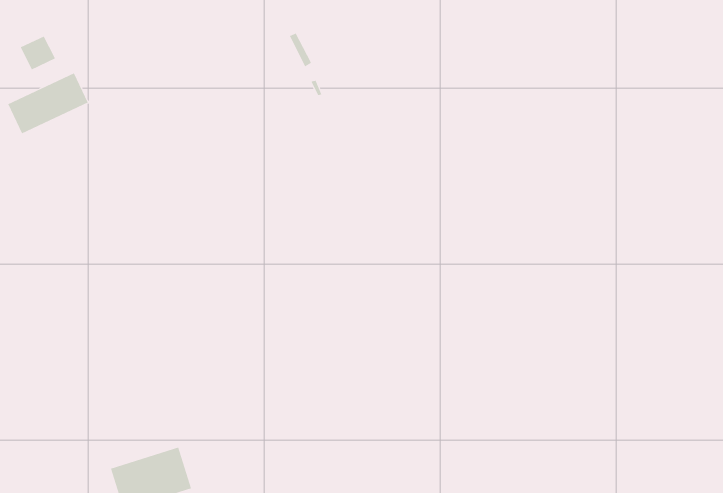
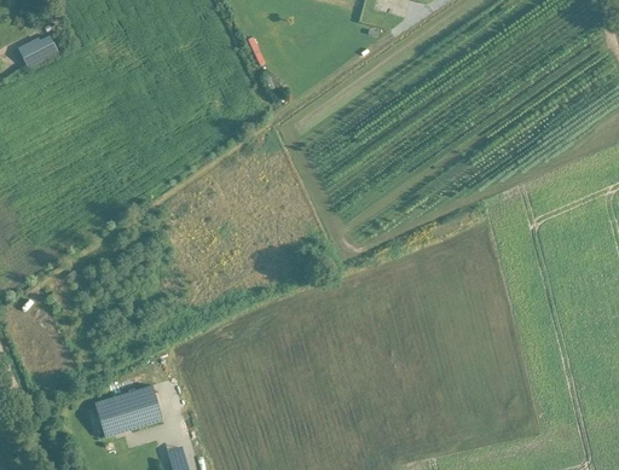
building: [7,72,89,134] -> none

